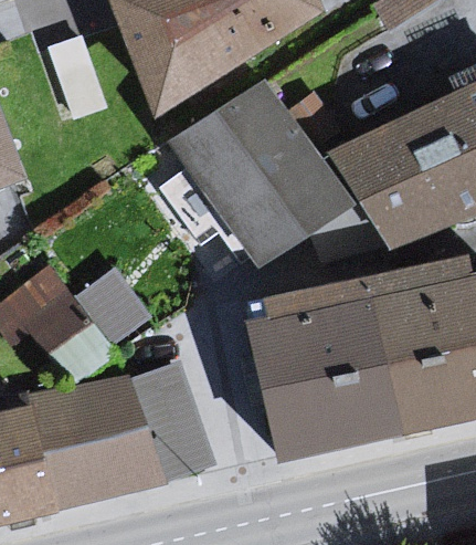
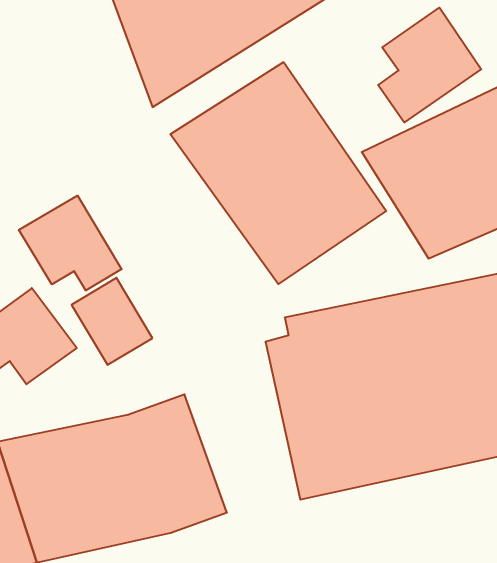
building: none -> [378,8,481,122]
building: none -> [19,196,122,291]

